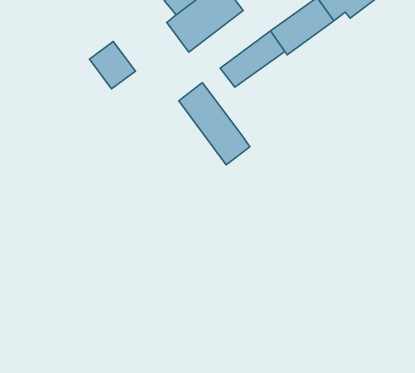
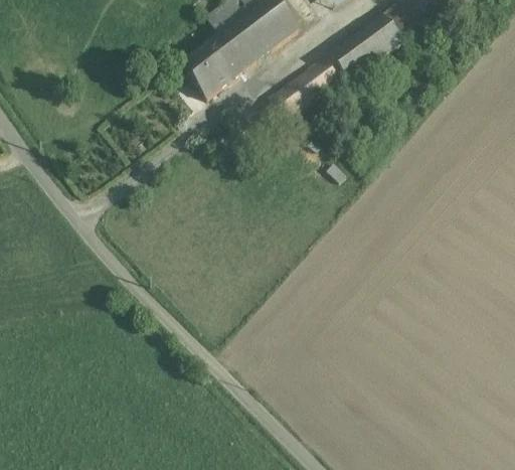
building: [90,41,135,89] -> [182,41,236,98]
building: [179,83,250,165] -> none

